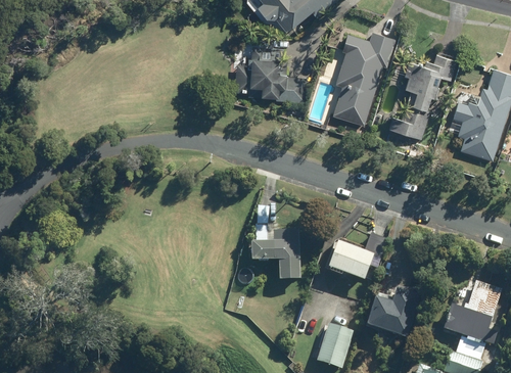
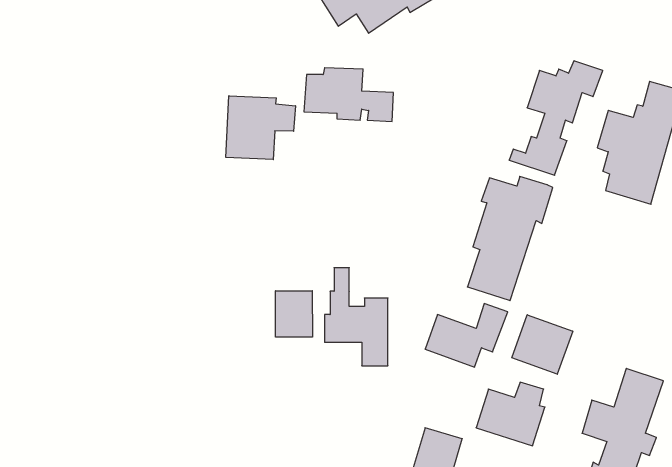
building: [332,32,396,124] -> [467,176,553,301]
building: none -> [226,96,295,160]
building: none -> [276,291,312,337]
building: none -> [512,315,573,374]

